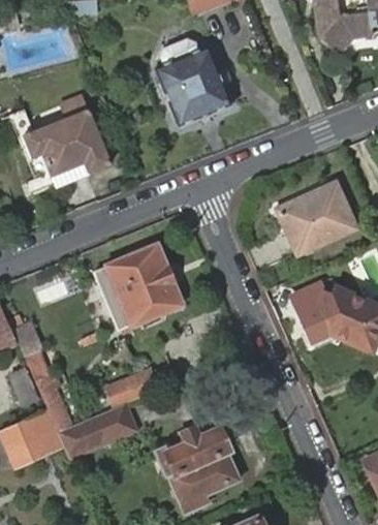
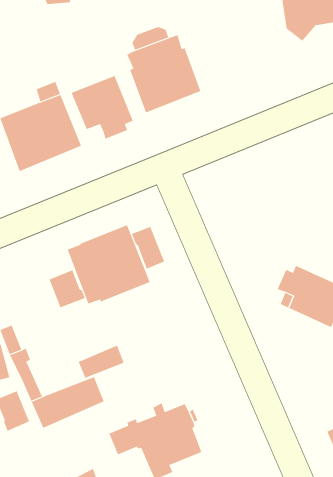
building: none -> [71,75,134,140]
building: [279,184,354,251] -> none
building: none -> [131,226,165,269]
building: none -> [49,270,86,308]

